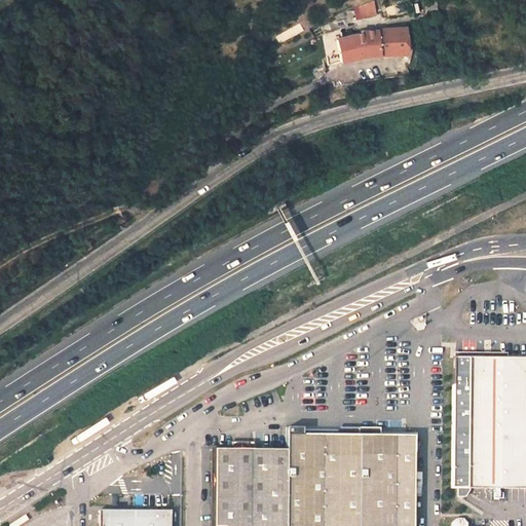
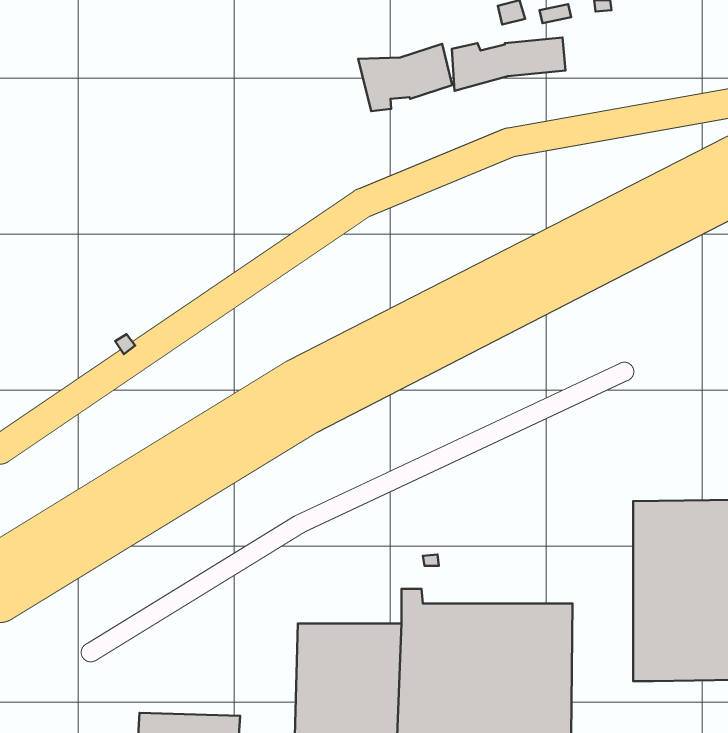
building: none -> [358,44,452,111]

